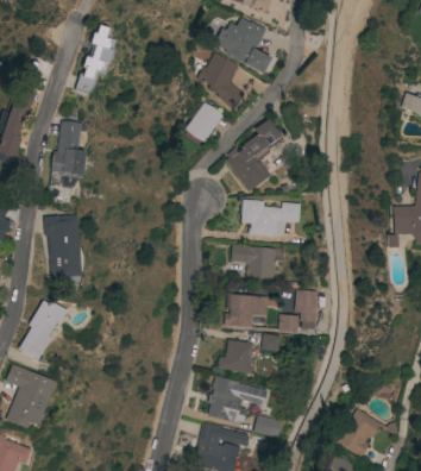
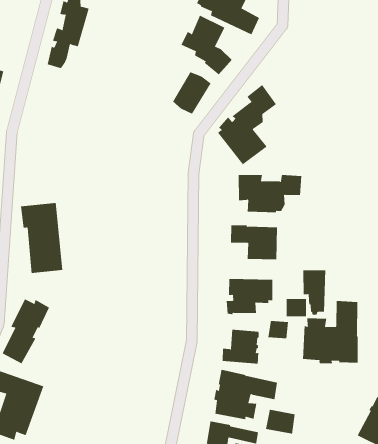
building: [52,119,86,178] -> none
building: none -> [303,300,358,364]

